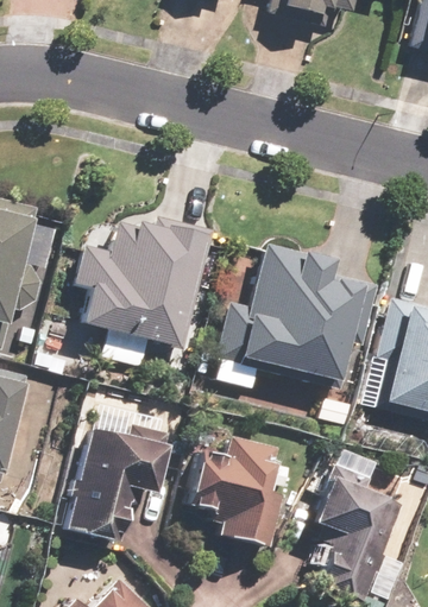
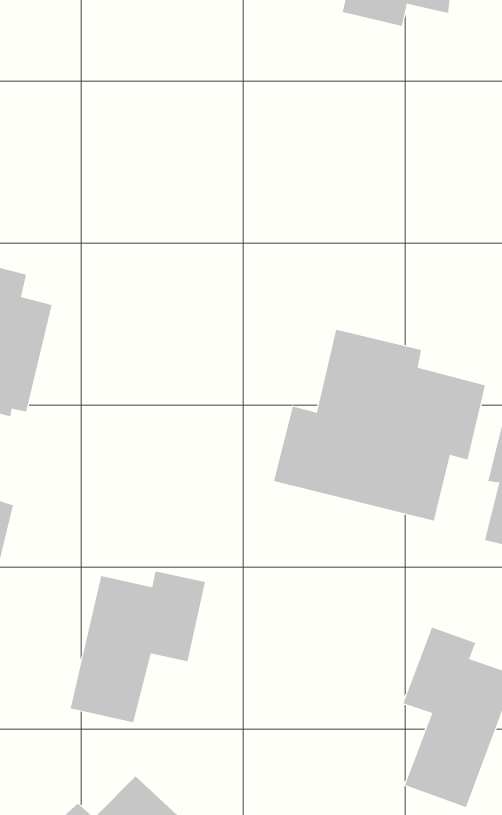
building: [76,216,214,349] -> none
building: [189,437,284,546] -> none

